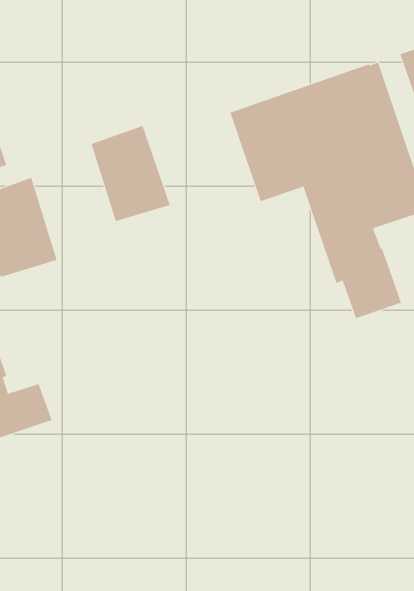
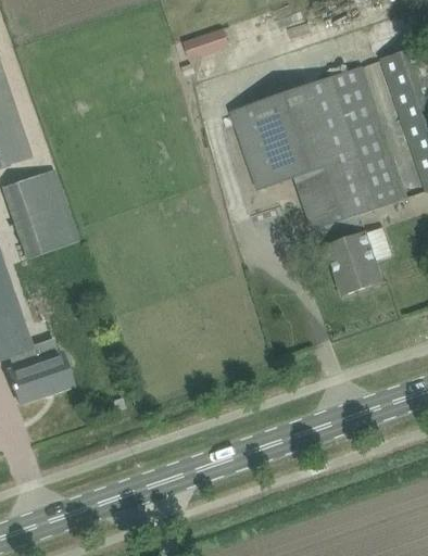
building: none -> [192,27,227,56]
building: [91,125,170,222] -> none

